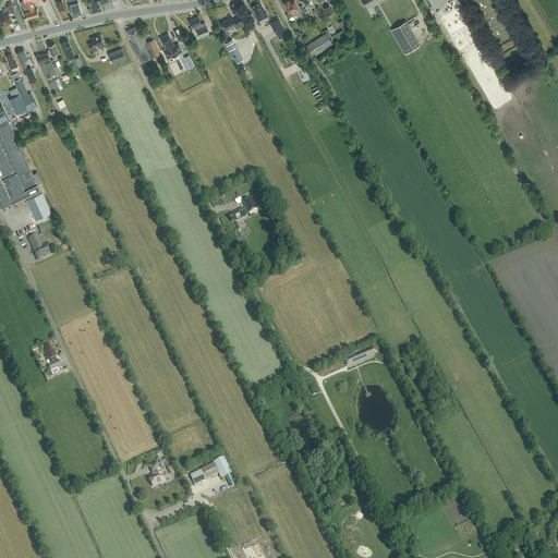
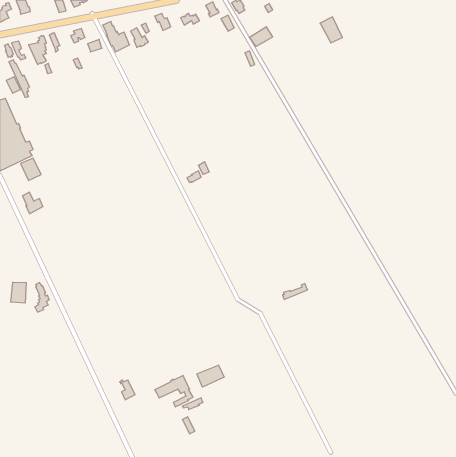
building: none -> [11,282,26,303]
building: none -> [197,365,224,387]

